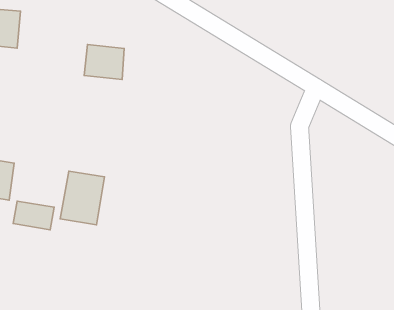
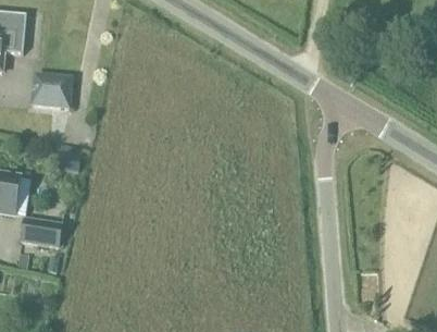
building: [84,45,124,79] -> [32,72,74,109]
building: [60,171,104,225] -> none

